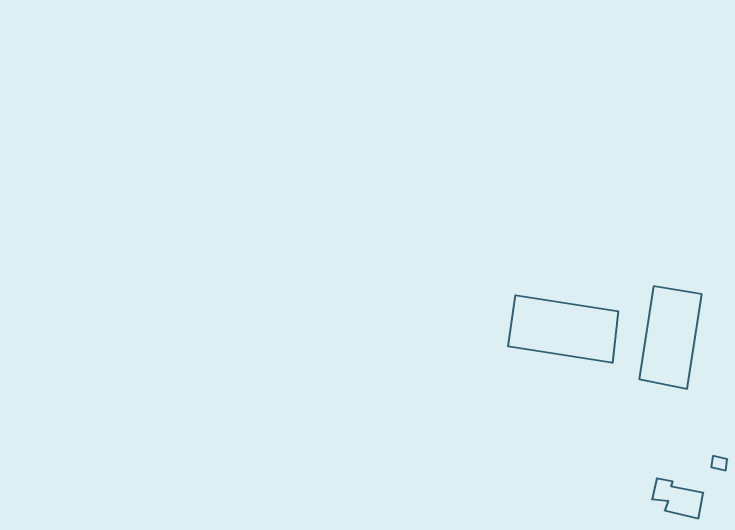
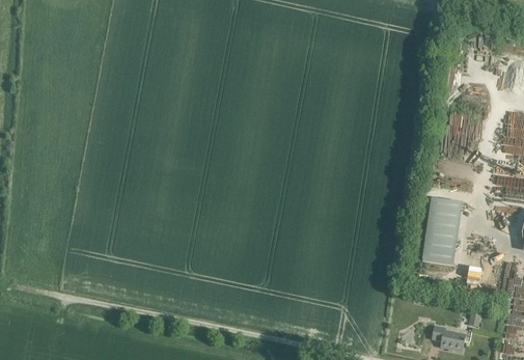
building: [508,295,618,363] -> none

